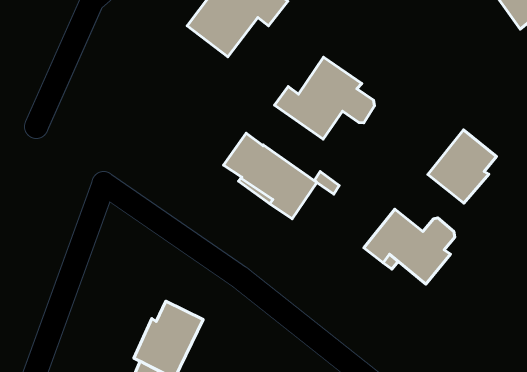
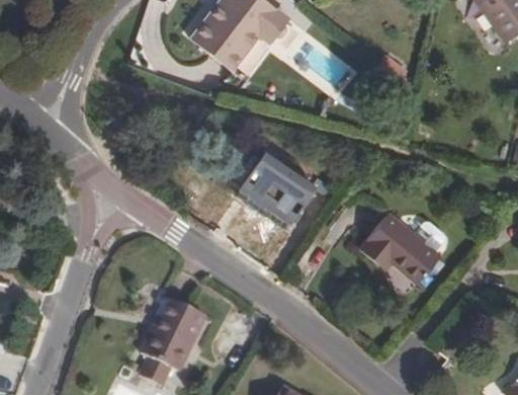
building: [275,57,375,139] -> none
building: [428,130,497,203] -> none

